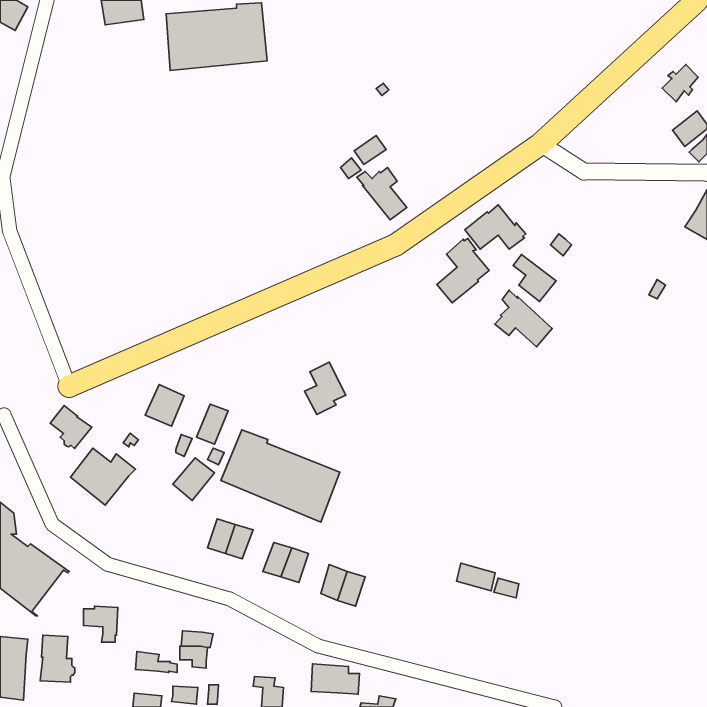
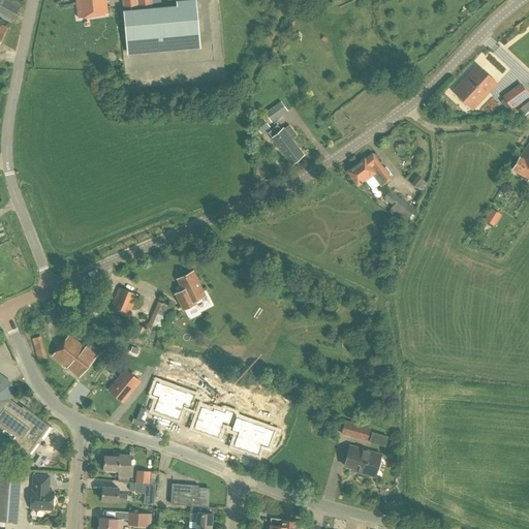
building: [662,65,698,102] -> [461,73,488,101]
building: [437,238,489,303] -> none
building: [495,290,552,347] -> none
building: [304,362,346,415] -> [174,272,205,311]
building: [50,406,92,448] -> none
building: [221,430,340,522] -> none
building: [173,458,214,501] -> [108,370,139,402]
building: none -> [344,445,381,477]
building: [83,606,118,642] -> [104,455,130,481]
building: [311,664,359,694] -> [170,484,207,506]

